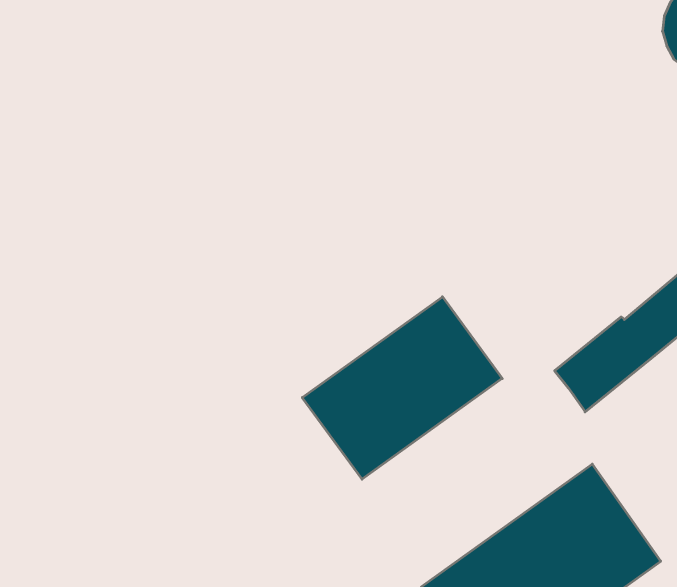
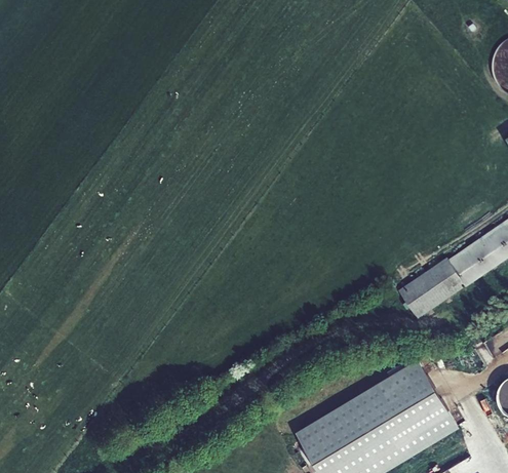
building: [302,297,502,479] -> none

